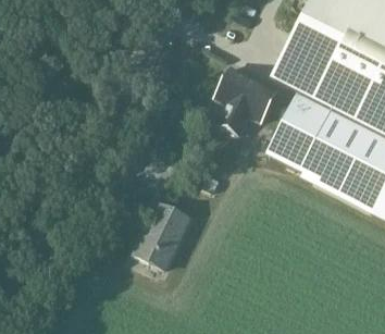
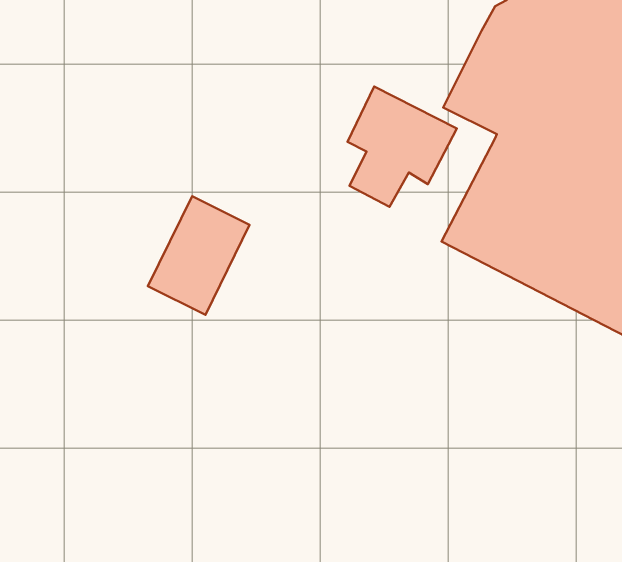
building: [134,199,191,267] -> [148,196,250,315]

